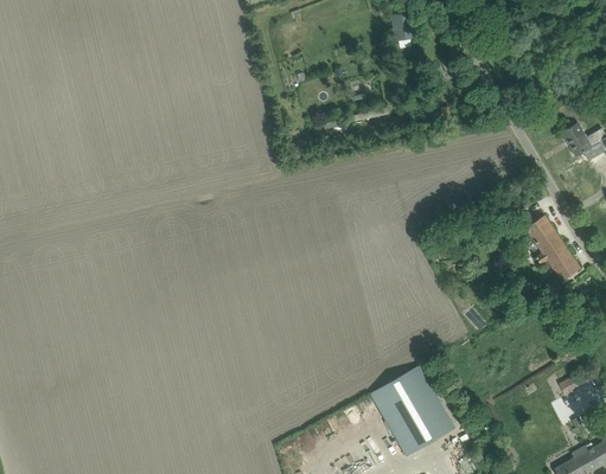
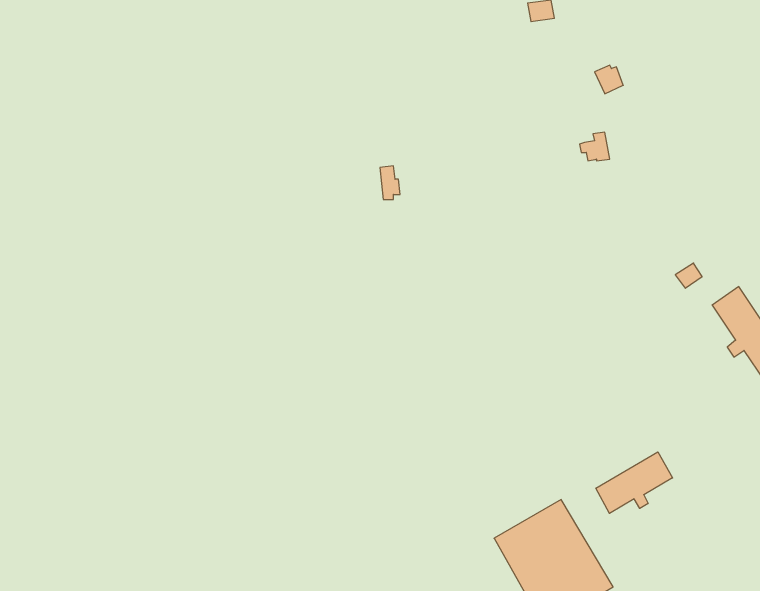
building: none -> [596,452,673,513]

